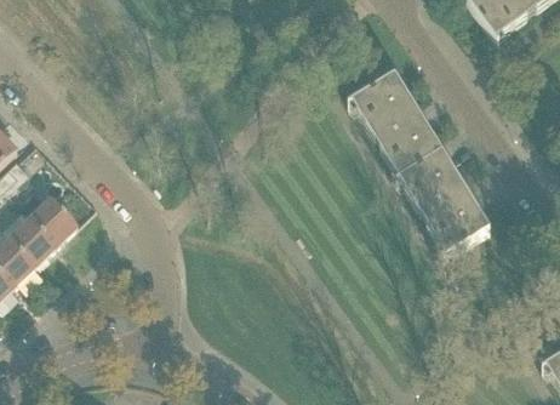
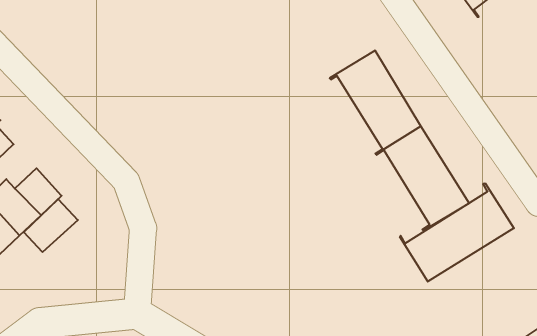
building: none -> [400,183,514,282]
building: none -> [24,199,78,252]

